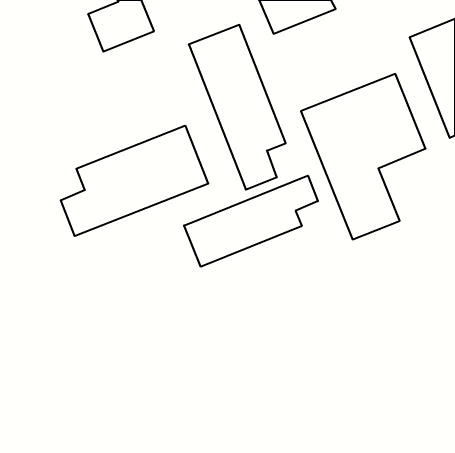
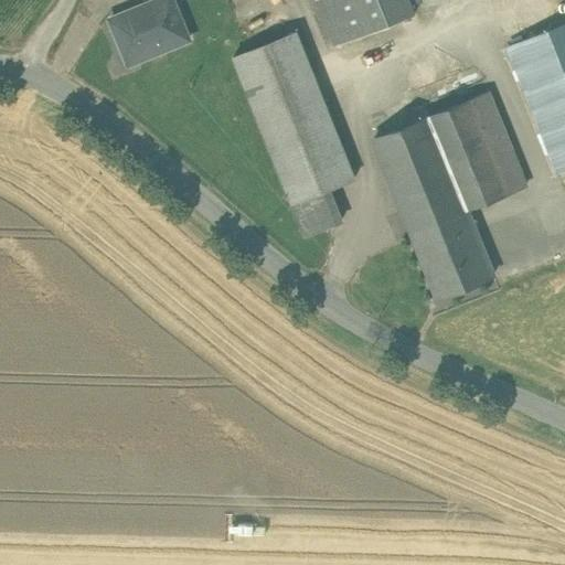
building: [61,126,208,236] -> none
building: [184,176,318,267] -> none

